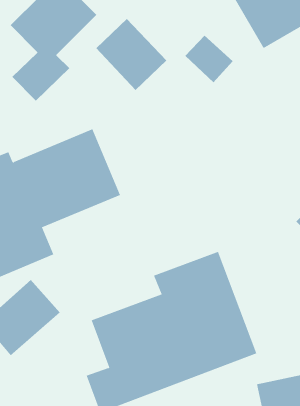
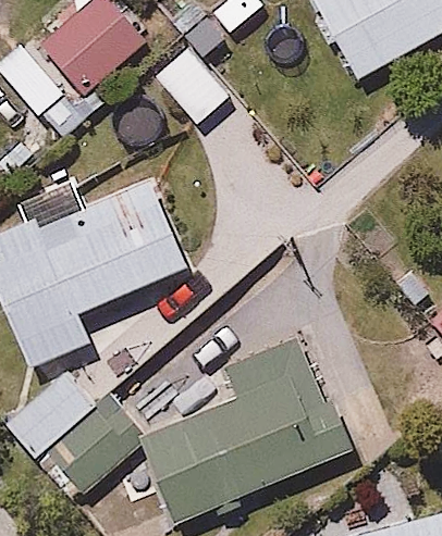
building: none -> [44,408,145,508]

